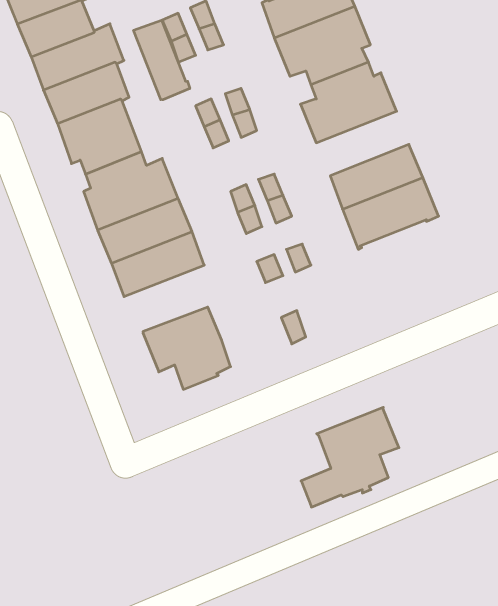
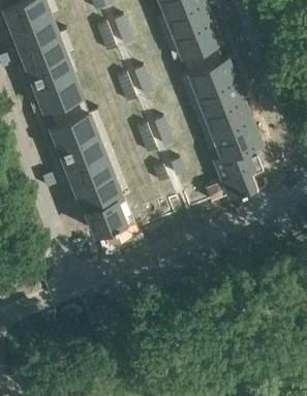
building: [134,20,190,100] -> none
building: none -> [189,83,244,121]
building: none -> [75,174,132,215]
building: [301,407,399,507] -> [206,147,264,206]

